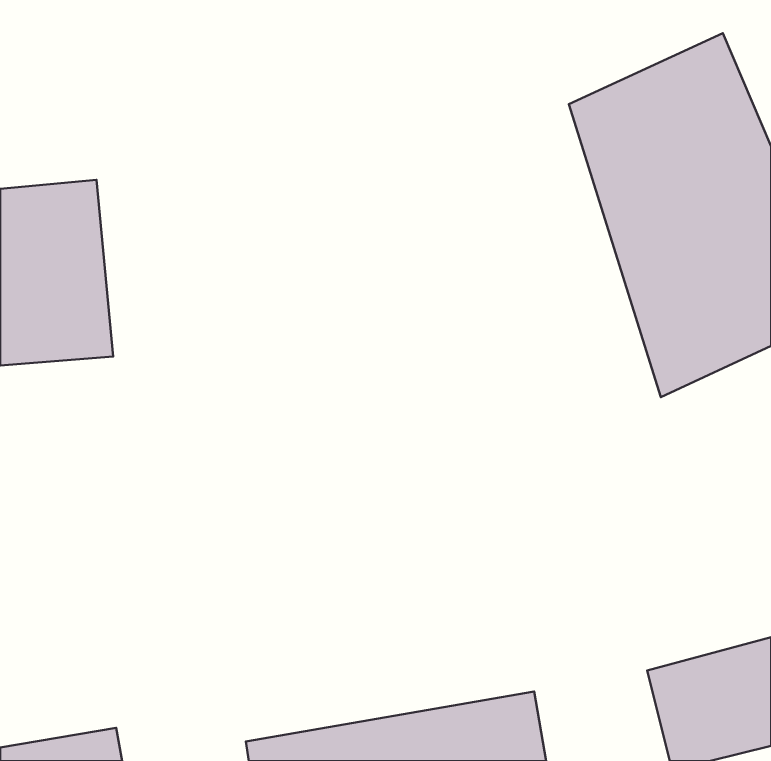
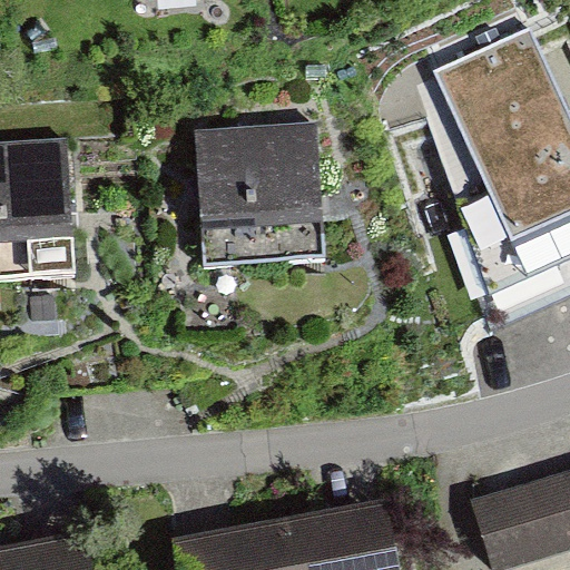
building: none -> [188,126,324,267]

